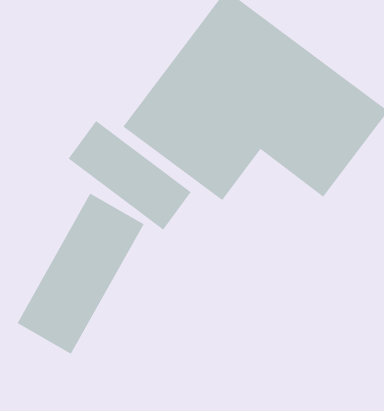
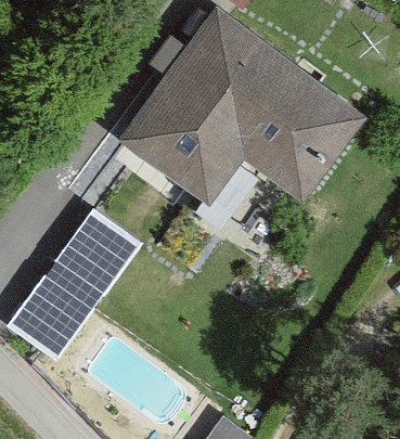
building: [68,120,192,230] -> none

